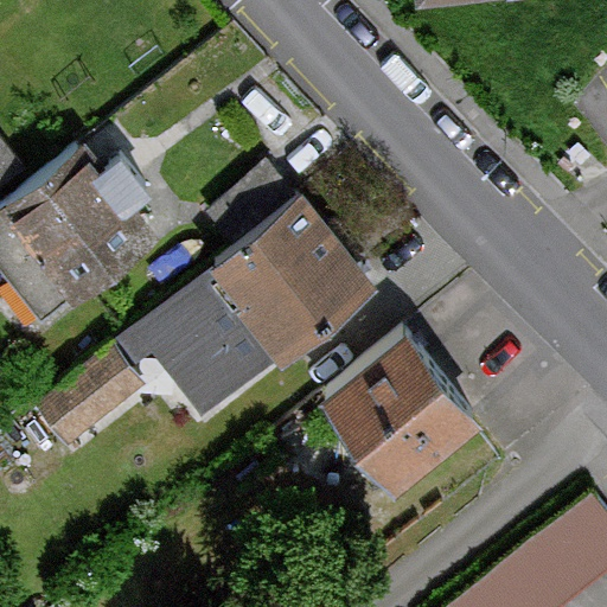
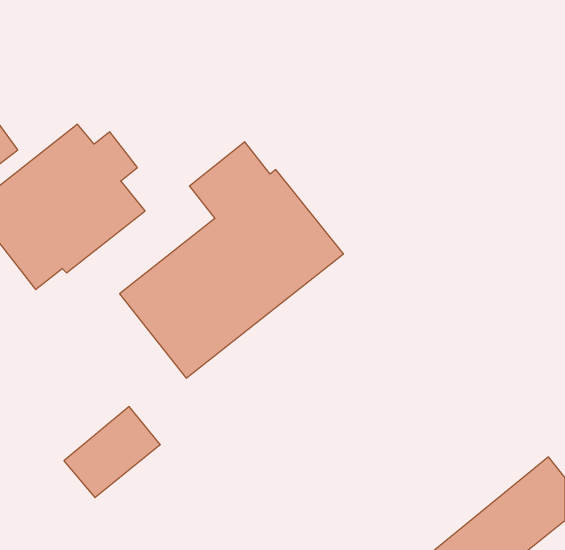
building: [318,333,478,494] -> none
building: [37,351,140,448] -> [64,407,160,498]

